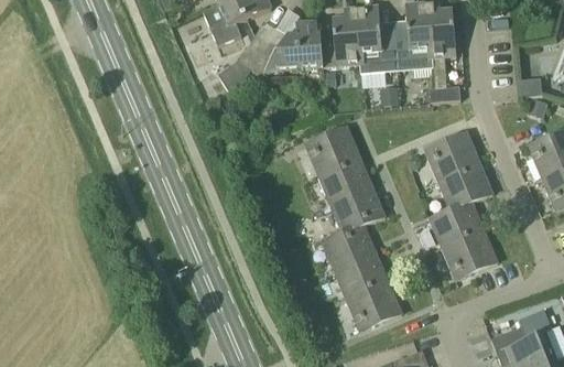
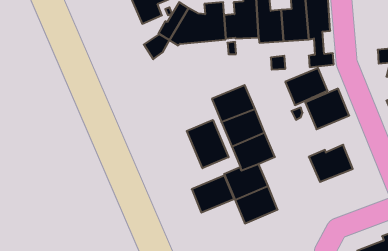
building: [438,164,492,212] -> [285,68,328,105]
building: none -> [187,120,229,168]
building: [443,233,497,280] -> none
building: [347,284,401,332] -> [192,175,234,213]

